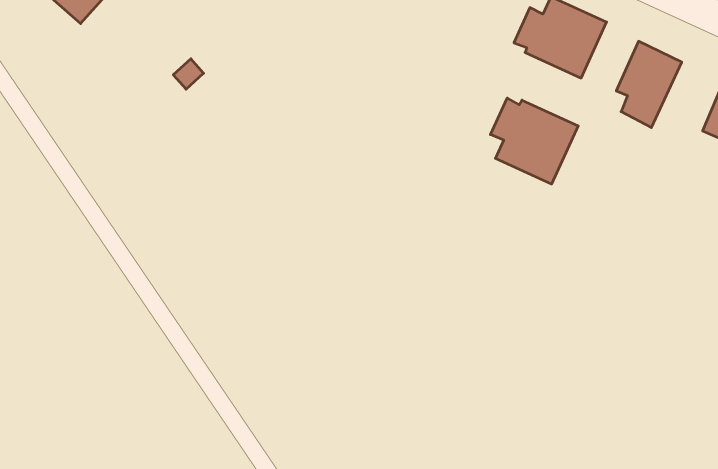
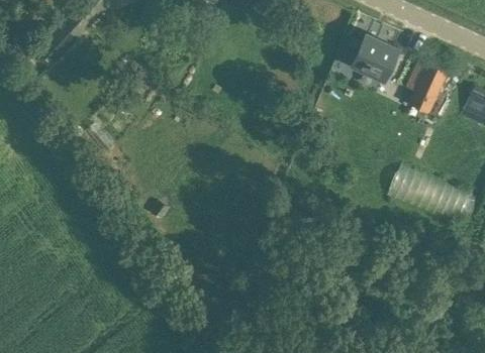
building: [490,98,578,184] -> none

